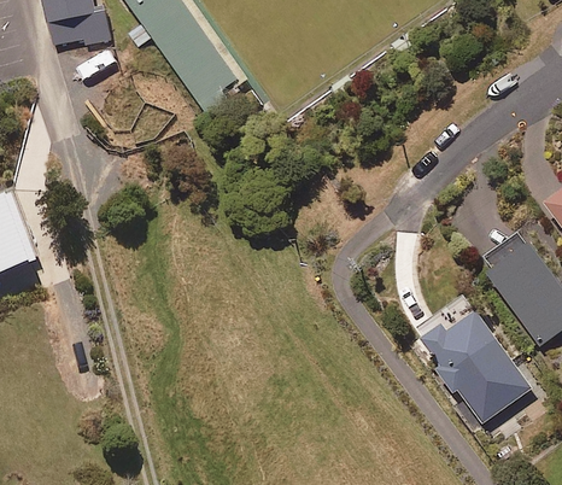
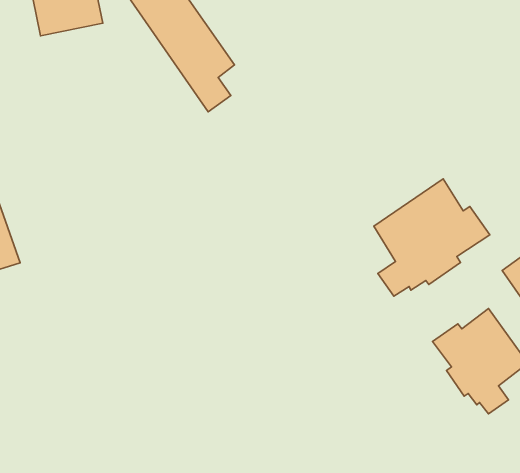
building: none -> [374,179,490,296]

